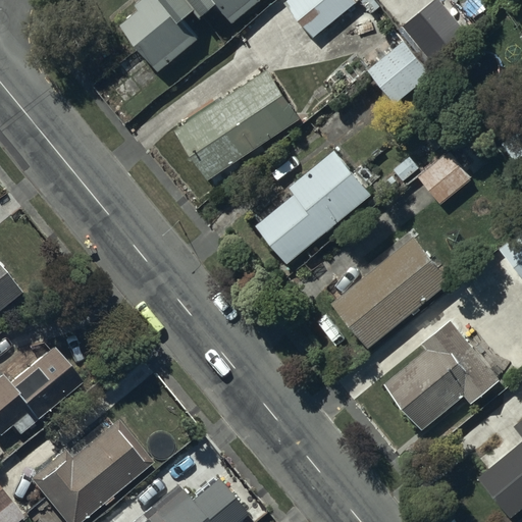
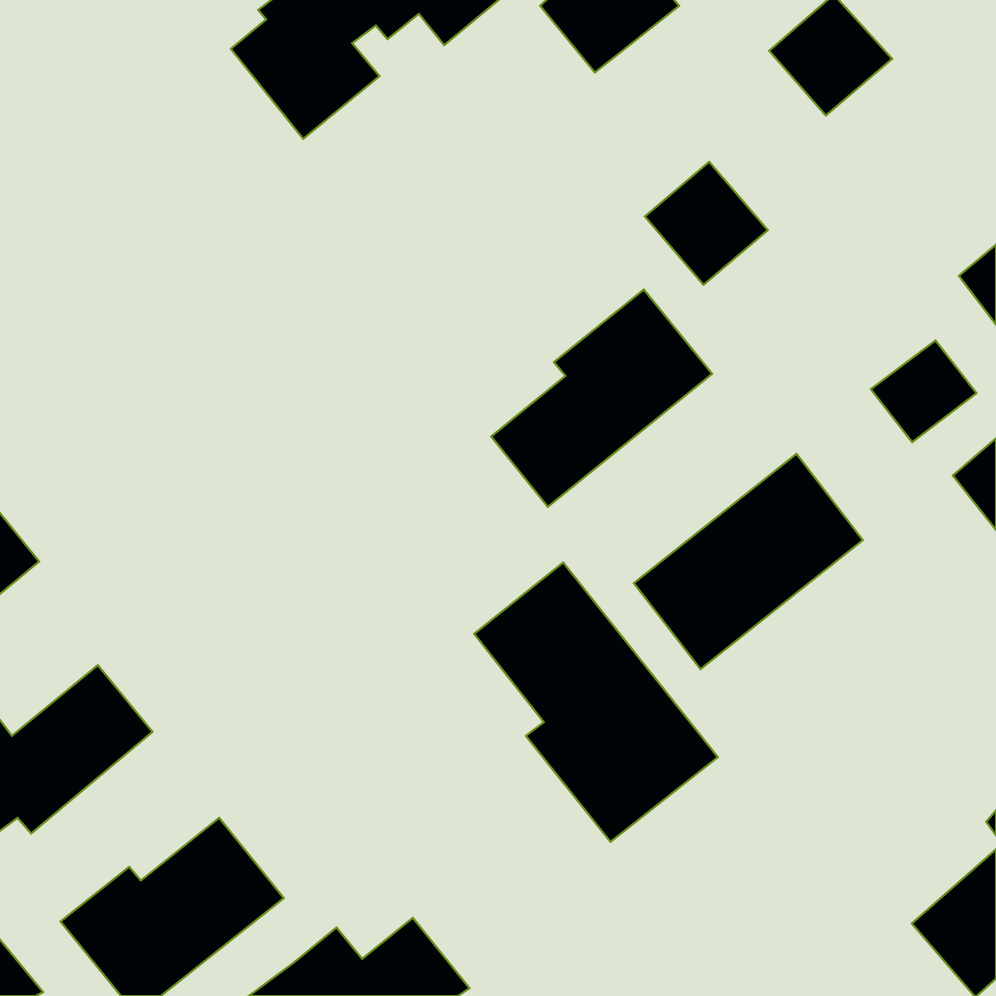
building: [366,40,430,104] -> [645,162,768,285]
building: [174,69,300,180] -> none
building: [417,151,472,204] -> [871,340,977,442]
building: none -> [474,563,718,842]
building: [383,321,499,431] -> none

